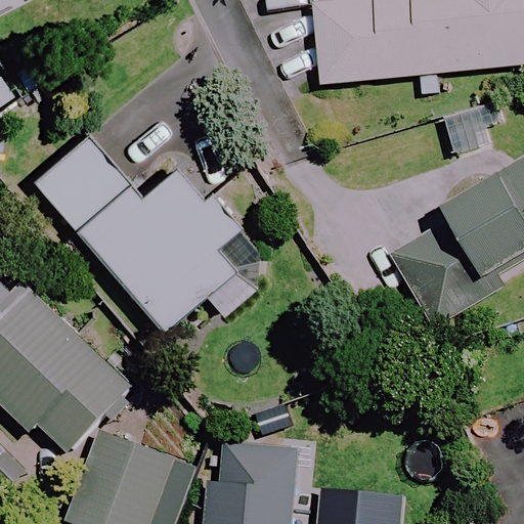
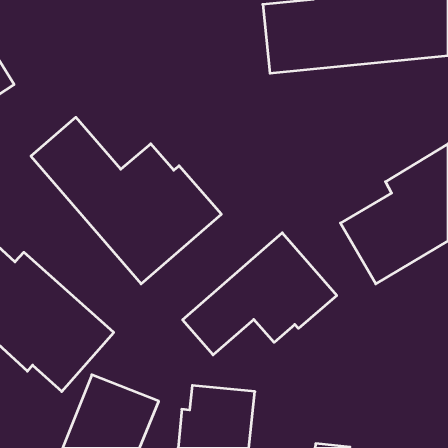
building: none -> [183,233,337,355]

